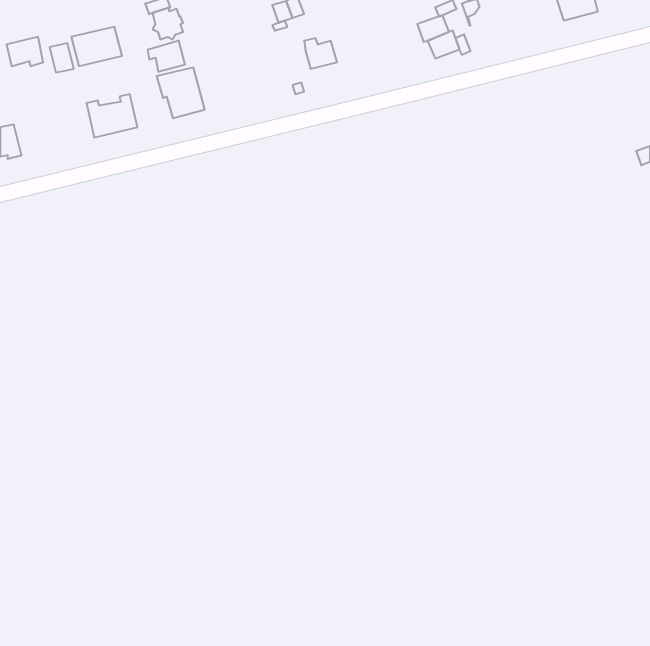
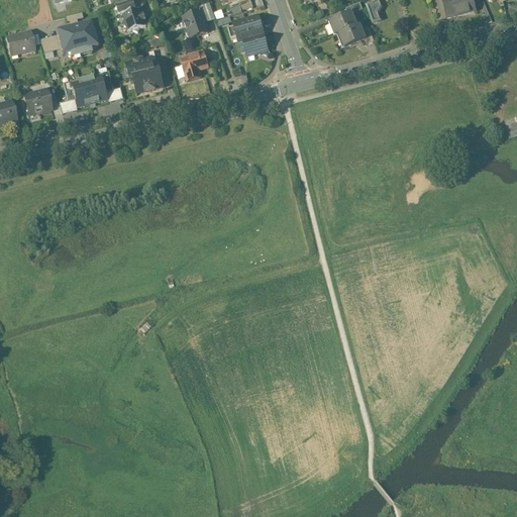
building: none -> [183,10,208,36]
building: none -> [233,14,263,40]
building: [148,40,185,72] -> none
building: none -> [181,51,208,80]
building: none -> [22,87,51,114]

